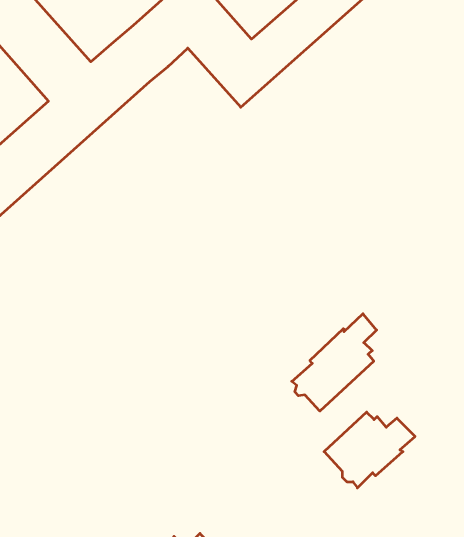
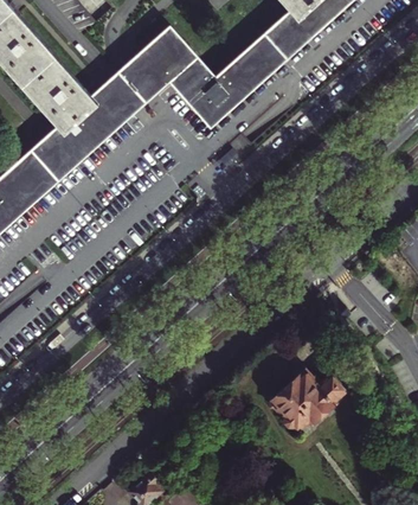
building: [292,314,377,411] -> none

